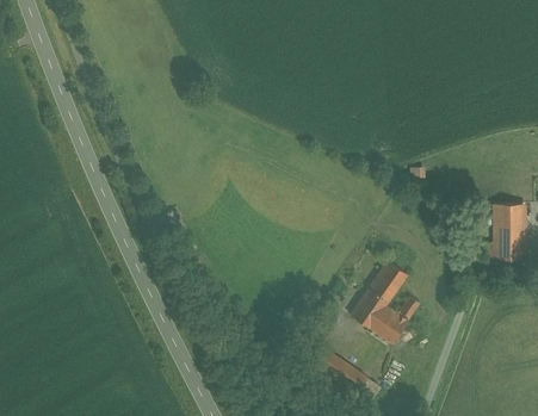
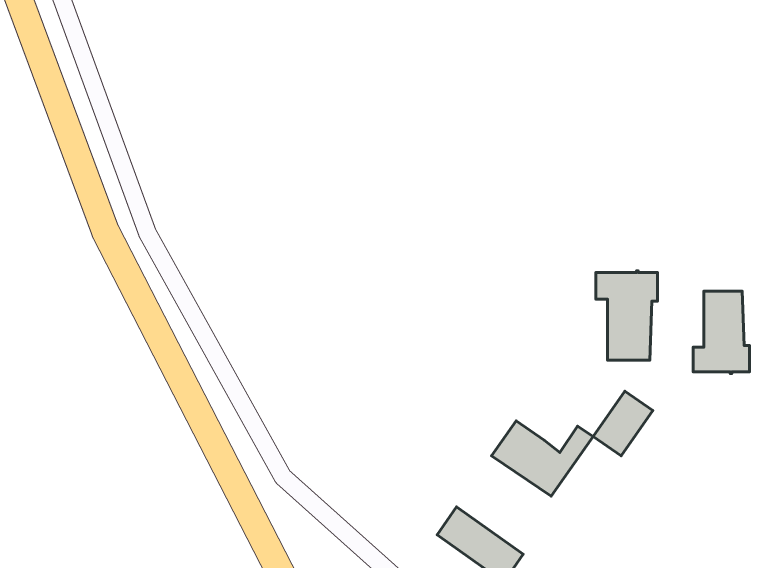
building: none -> [596,271,658,360]
building: [366,261,407,305] -> [593,391,653,456]

